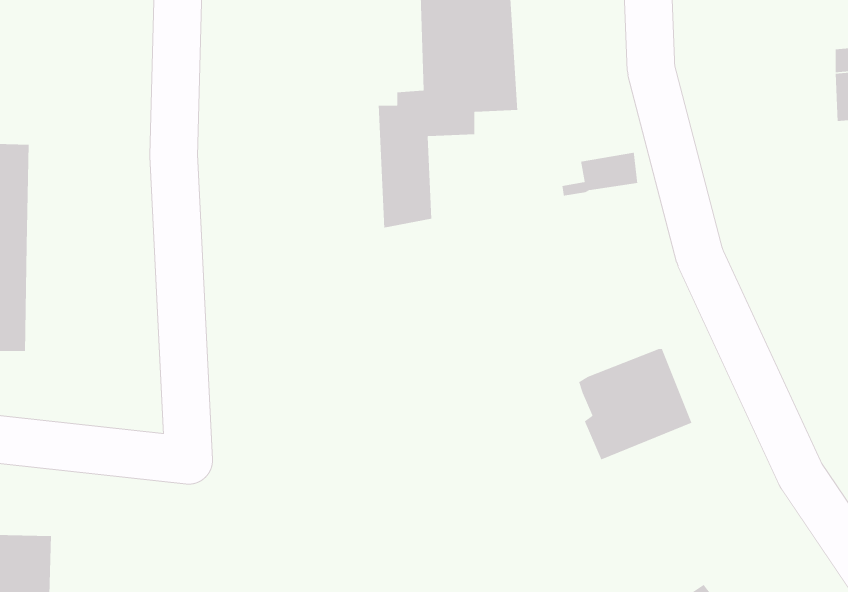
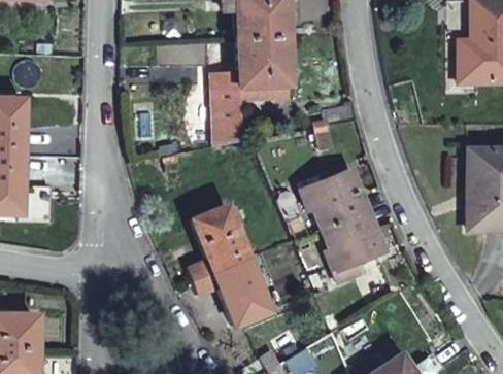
building: none -> [302,171,370,231]
building: none -> [191,206,272,327]

